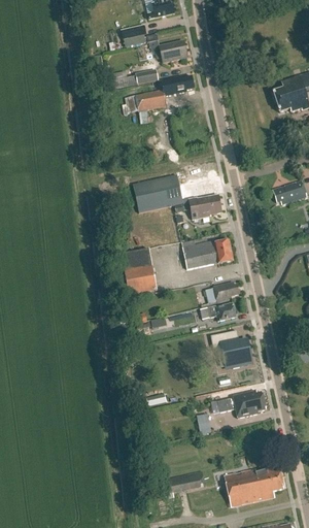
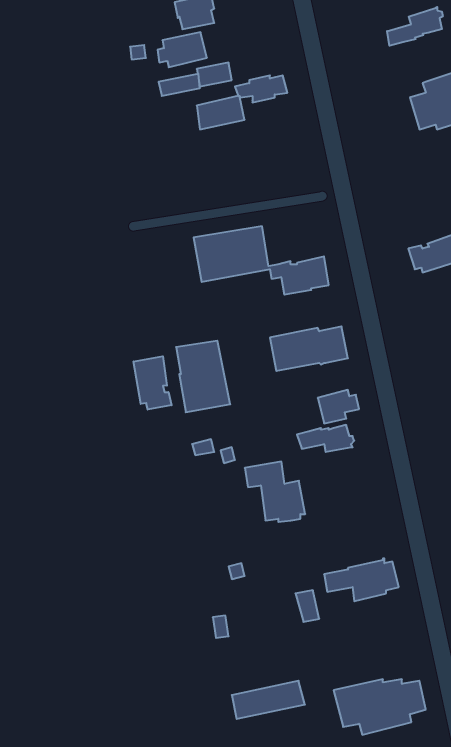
building: none -> [387,7,443,46]
building: [156,40,187,63] -> [158,32,207,67]
building: none -> [134,356,172,410]
building: [212,327,251,366] -> [245,462,305,522]

